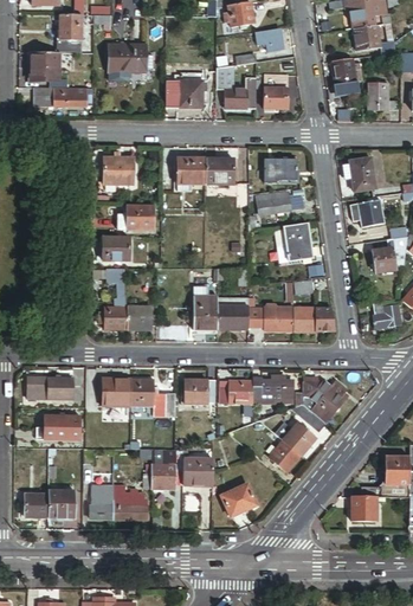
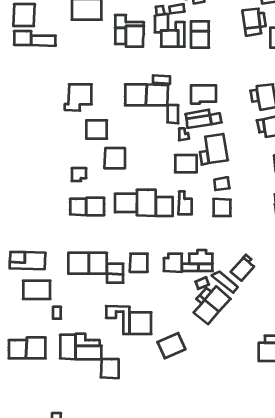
building: [103,236,130,262] -> [104,148,125,168]
building: none -> [115,194,137,212]
building: [265,308,293,330] -> [175,155,197,172]
building: [302,380,331,423] -> none
building: [151,464,175,489] -> [101,359,119,378]

